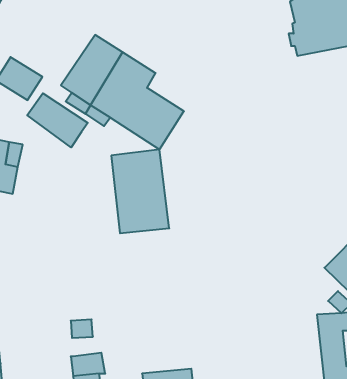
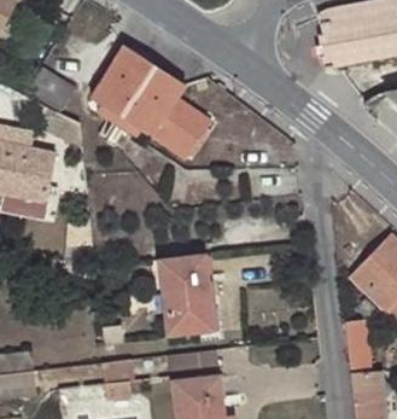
building: [27,93,88,147] -> none
building: [111,149,169,233] -> [159,254,216,336]

